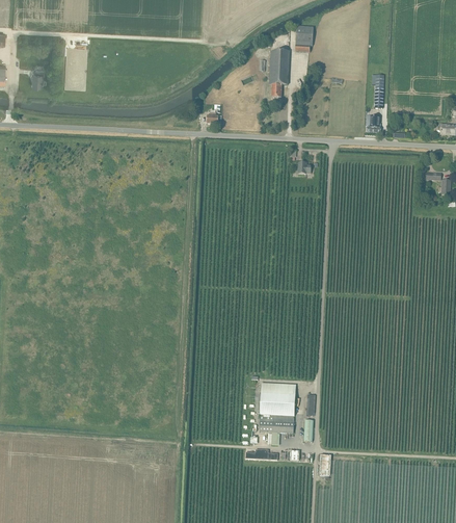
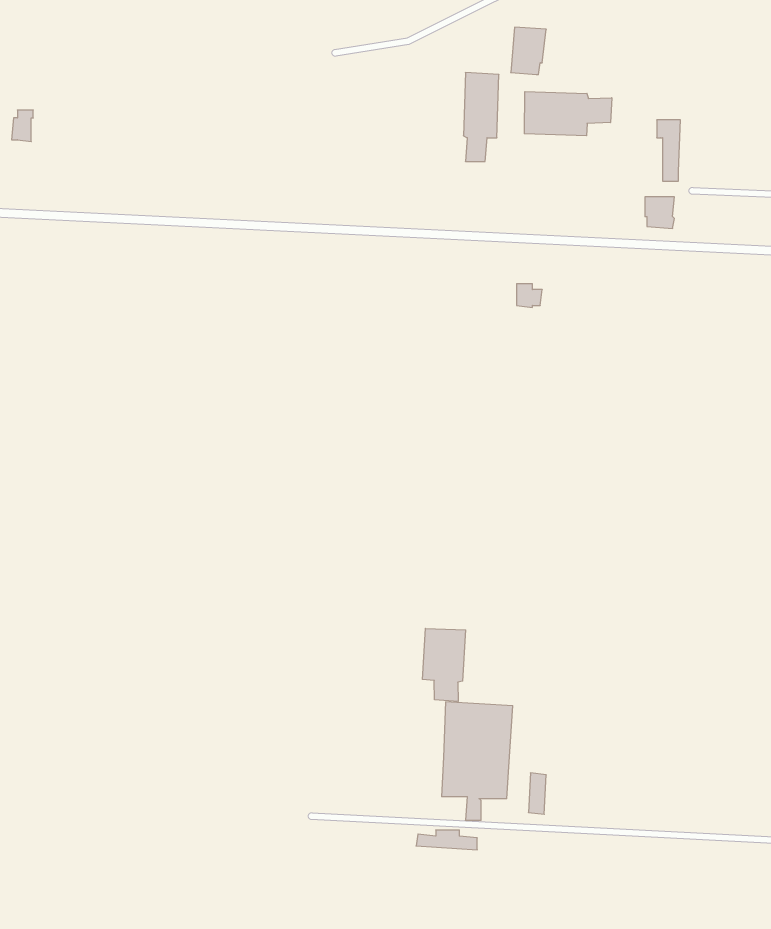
building: none -> [524,92,612,136]
building: none -> [422,628,466,702]

